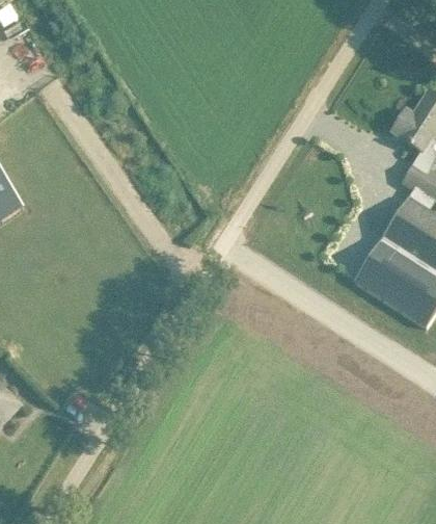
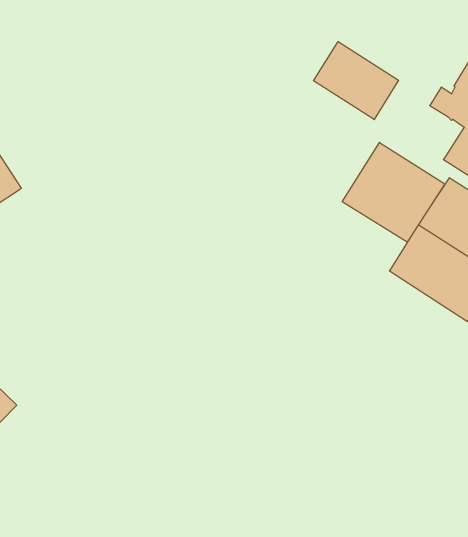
building: none -> [314,42,399,120]
building: none -> [342,142,445,242]

